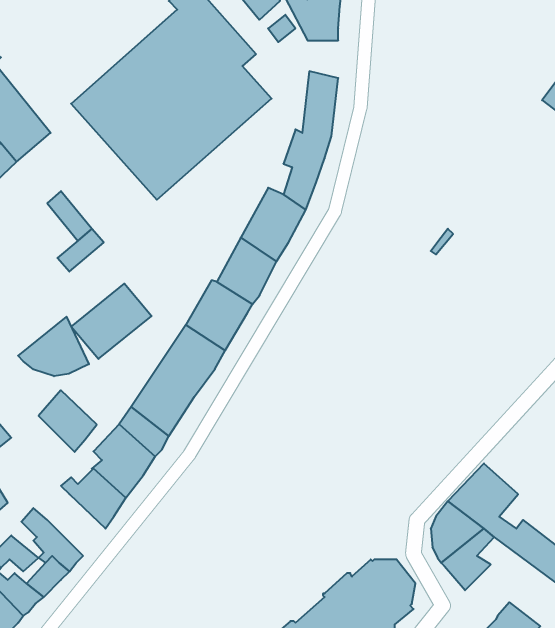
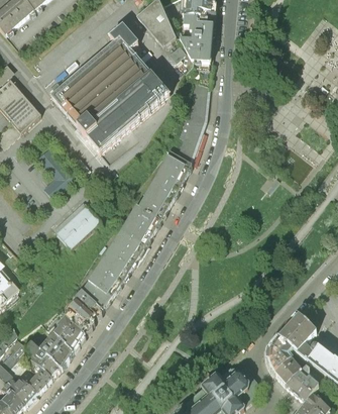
building: [18,317,89,376] -> none
building: [39,390,97,452] -> [38,329,73,366]
building: none -> [285,366,317,401]

